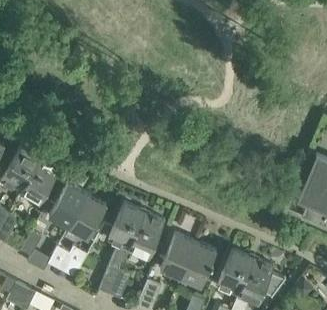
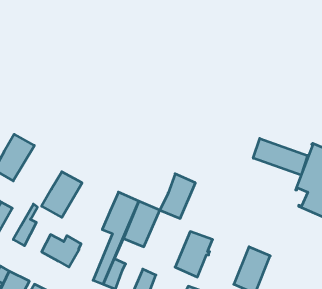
building: none -> [253,138,308,175]
building: [20,157,60,204] -> none
building: [68,194,107,239] -> none
building: [160,233,195,277] -> [160,174,195,218]
building: [218,249,253,294] -> none

